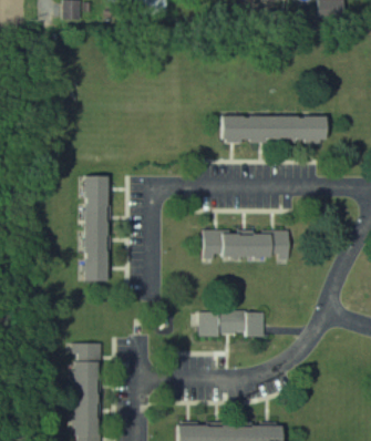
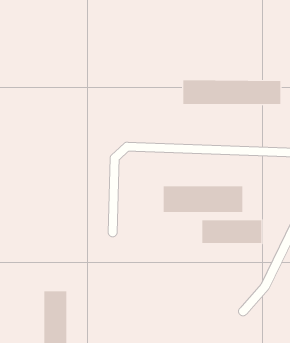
building: [85,174,109,280] -> none
building: [197,310,262,336] -> [201,220,262,244]

